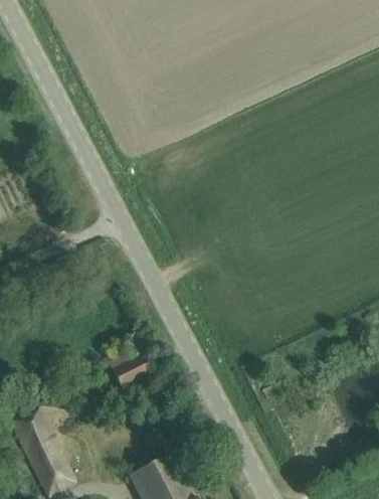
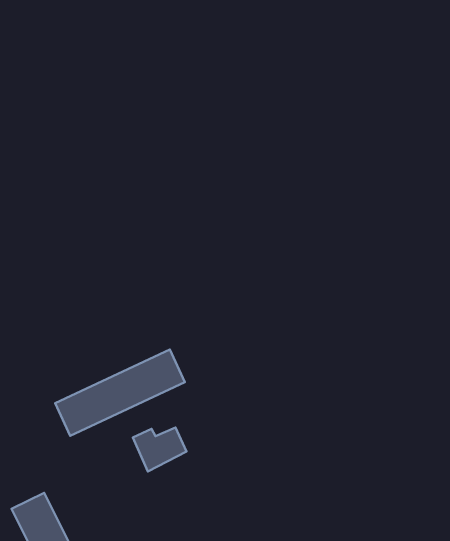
building: none -> [55,350,185,436]

